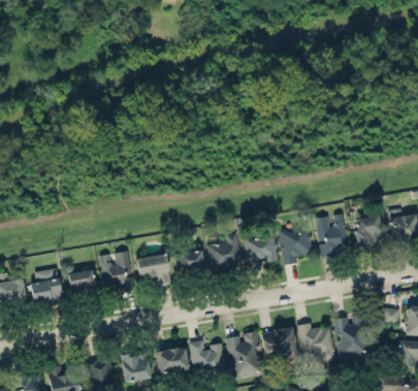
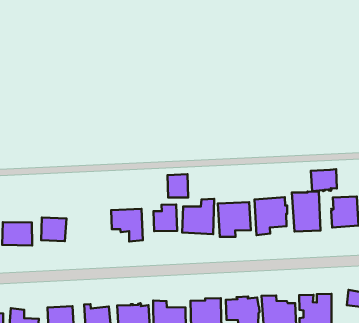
building: none -> [311,169,337,191]
building: none -> [168,174,188,198]
building: [99,250,135,292] -> none

